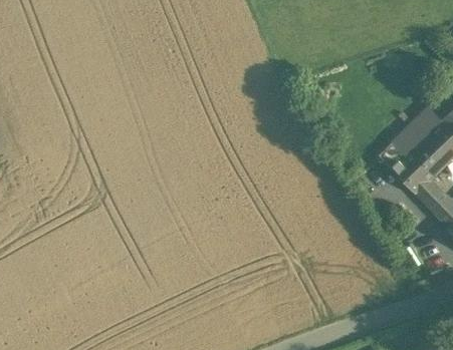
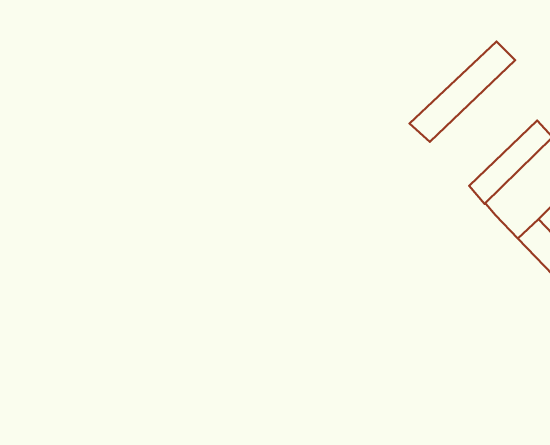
building: none -> [410,42,515,142]

